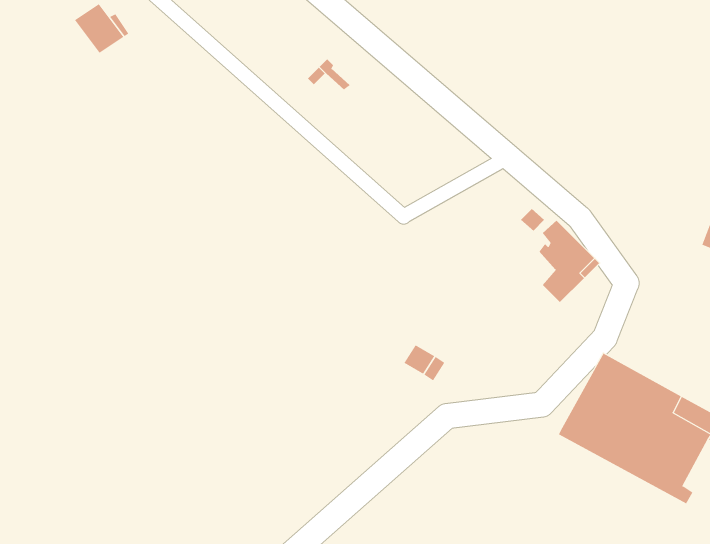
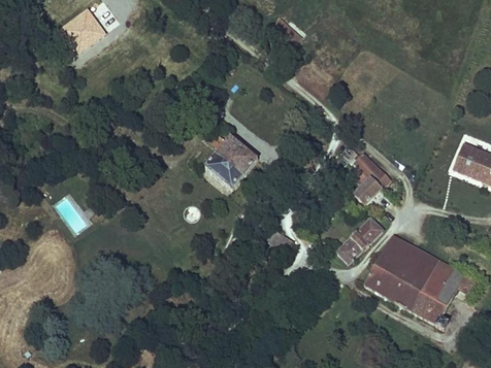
building: none -> [205,134,258,187]
building: none -> [337,216,383,262]

